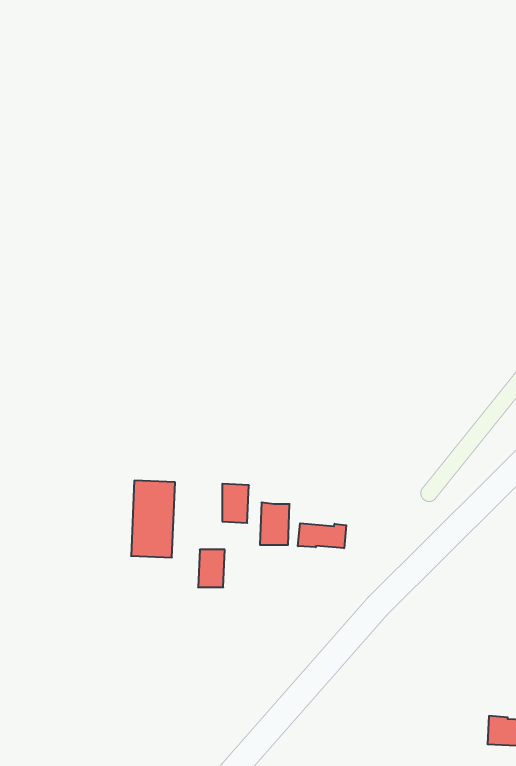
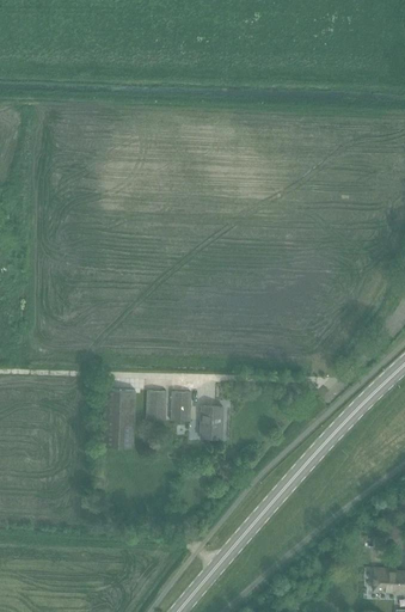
building: [298,523,346,548] -> none
building: [198,550,225,587] -> [146,391,166,420]

